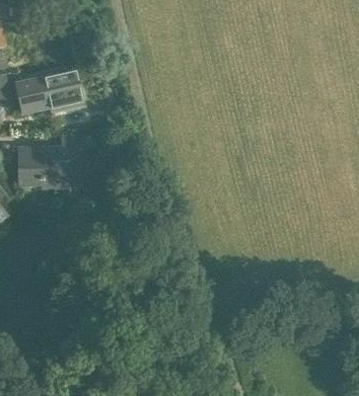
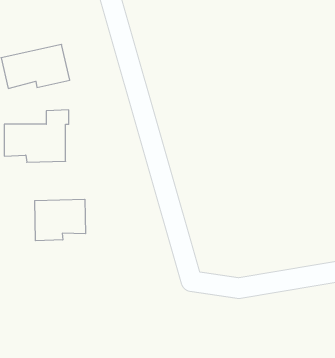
building: none -> [35,199,85,241]

